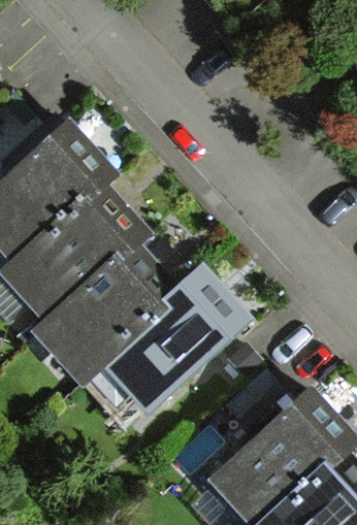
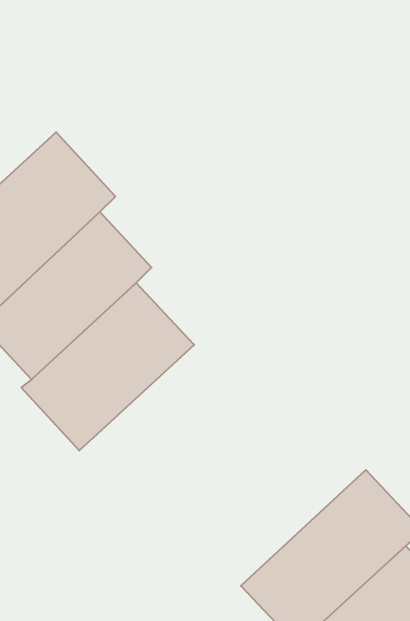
building: [90,267,245,418] -> none

